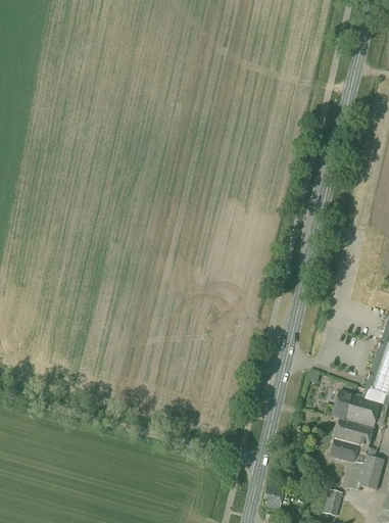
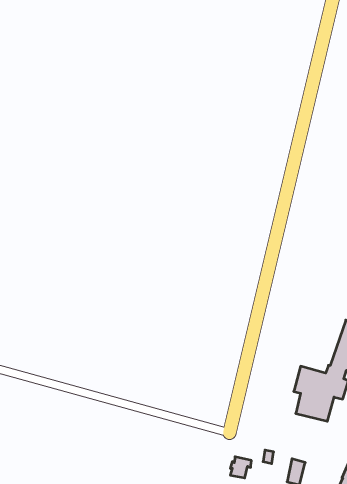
building: [329,439,383,490] -> none

